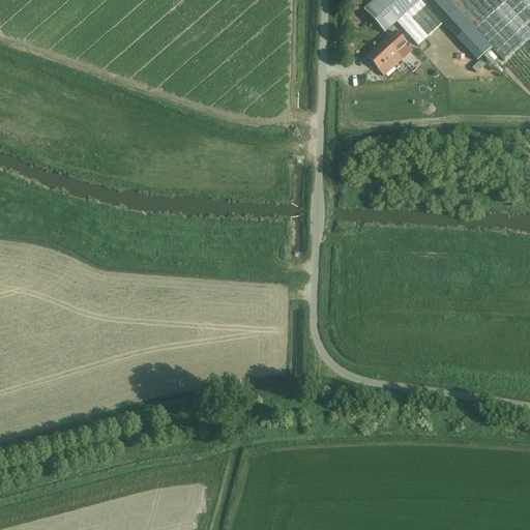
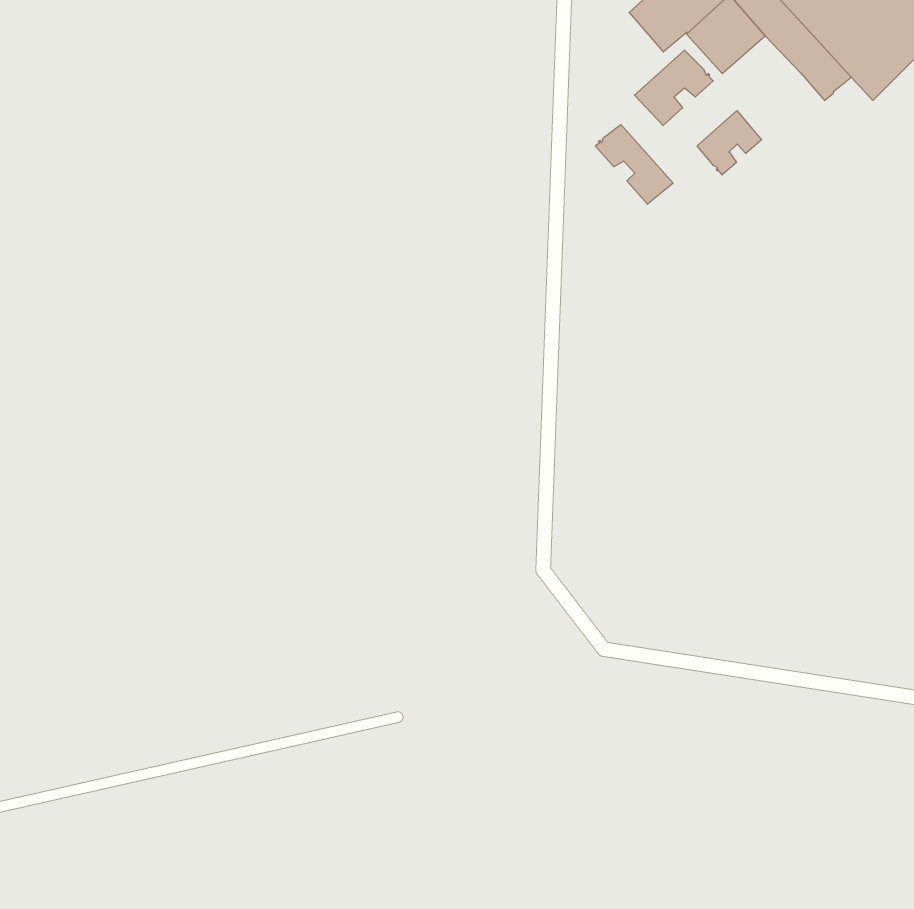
building: none -> [697,111,762,175]
building: none -> [595,125,673,204]

